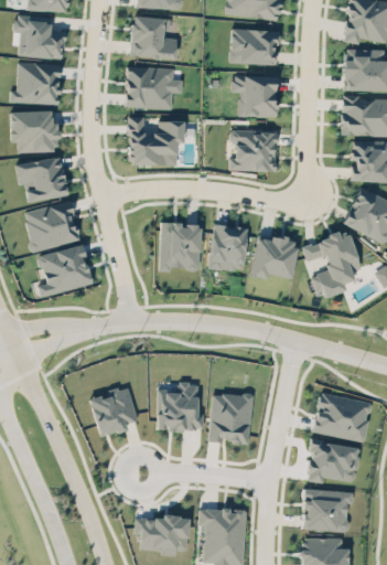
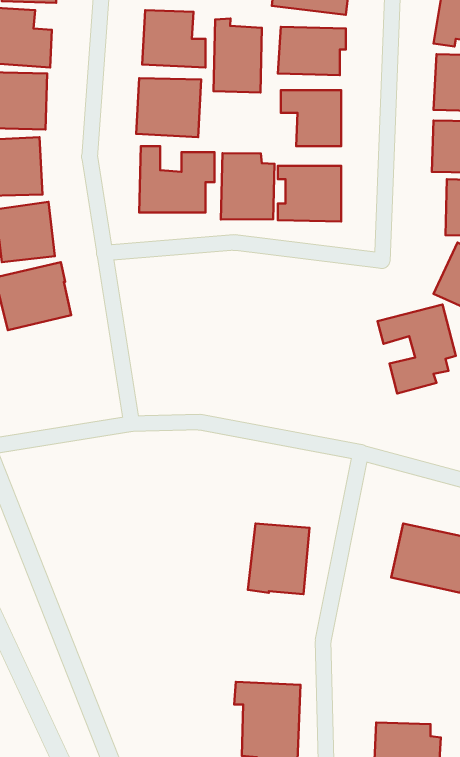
building: none -> [213,19,262,92]
building: none -> [221,153,275,219]
building: [159,221,201,269] -> none
building: [208,223,248,271] -> none
building: [250,234,298,279] -> none
building: [36,244,92,297] -> none
building: [157,382,203,430] -> none
building: [89,385,137,436] -> none
building: [307,440,357,482] -> none
building: [302,489,350,531] -> none
building: [139,515,189,553] -> none

